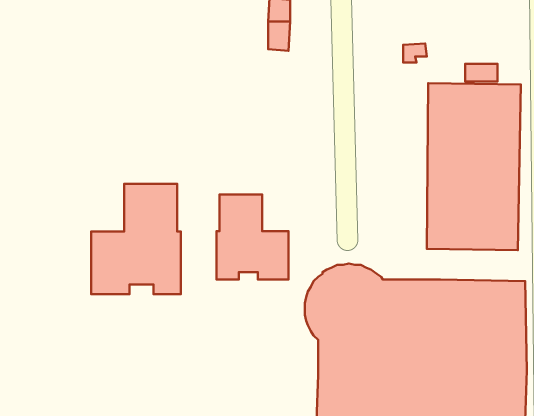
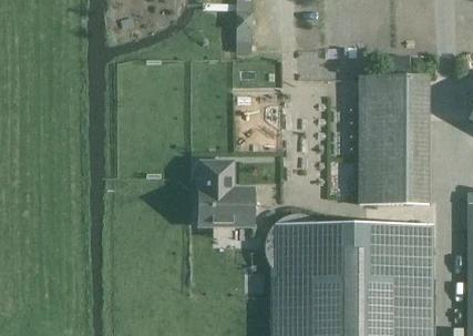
building: [91,184,181,294] -> none

